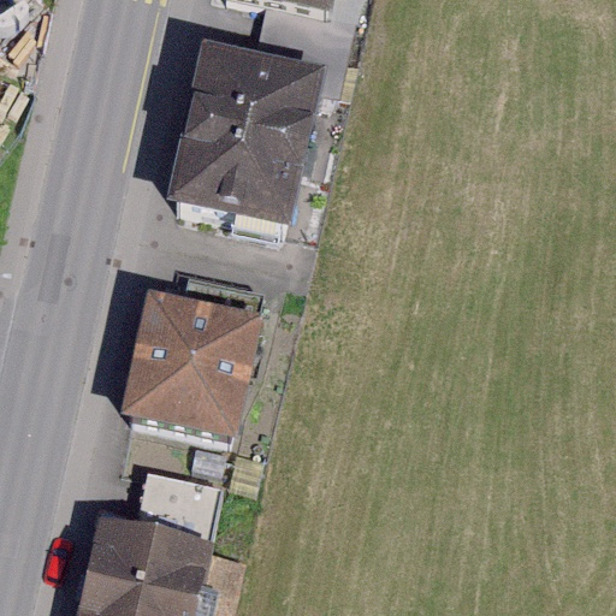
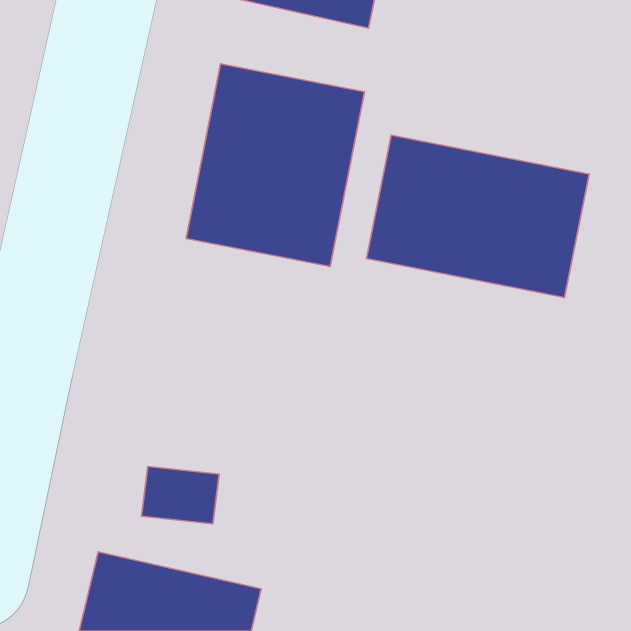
building: none -> [367,135,589,298]
building: [129,298,272,454] -> none

